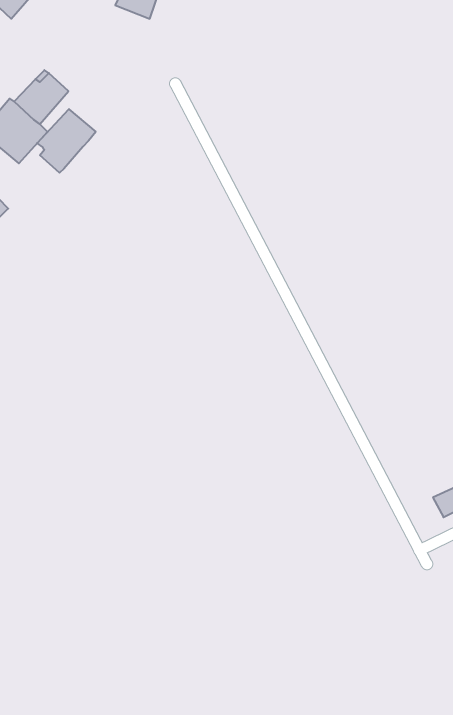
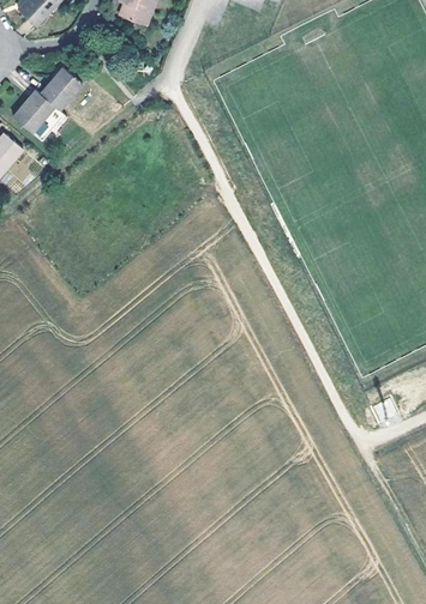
building: [37,109,96,173] -> none

